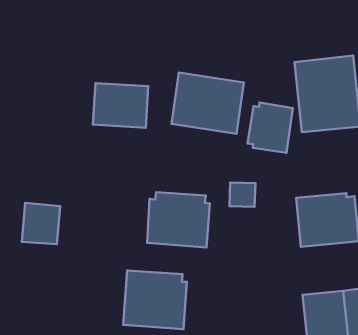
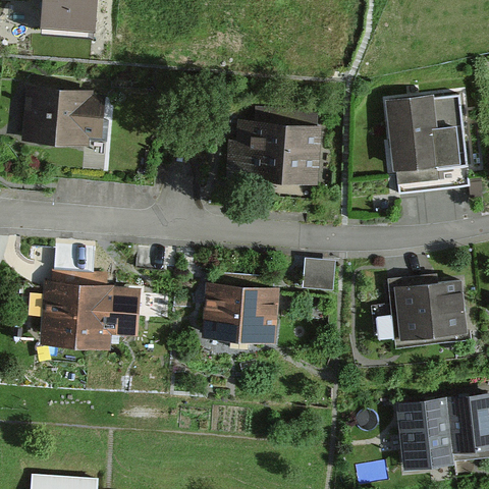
building: [93,83,148,128] -> [23,92,93,148]
building: [248,102,293,153] -> none
building: none -> [89,287,138,337]
building: [123,271,187,329] -> none

